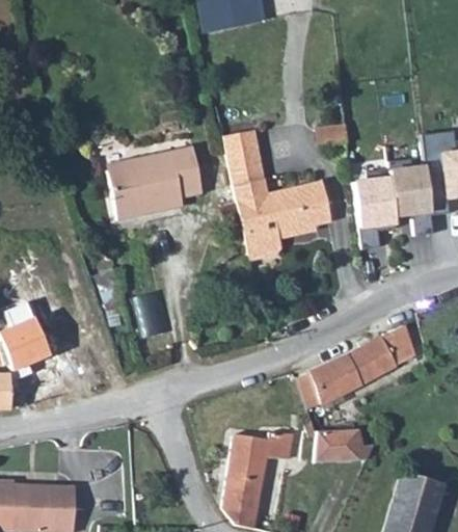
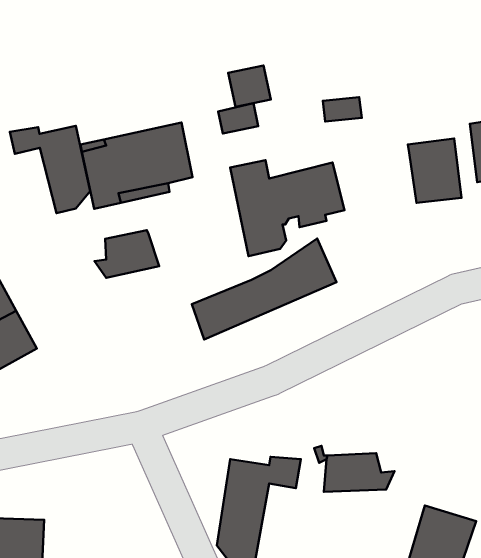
building: none -> [10,126,90,213]
building: [228,150,265,185] -> [228,65,271,107]
building: [353,172,395,227] -> none
building: none -> [94,230,159,278]
building: [296,321,420,407] -> [192,239,337,339]

